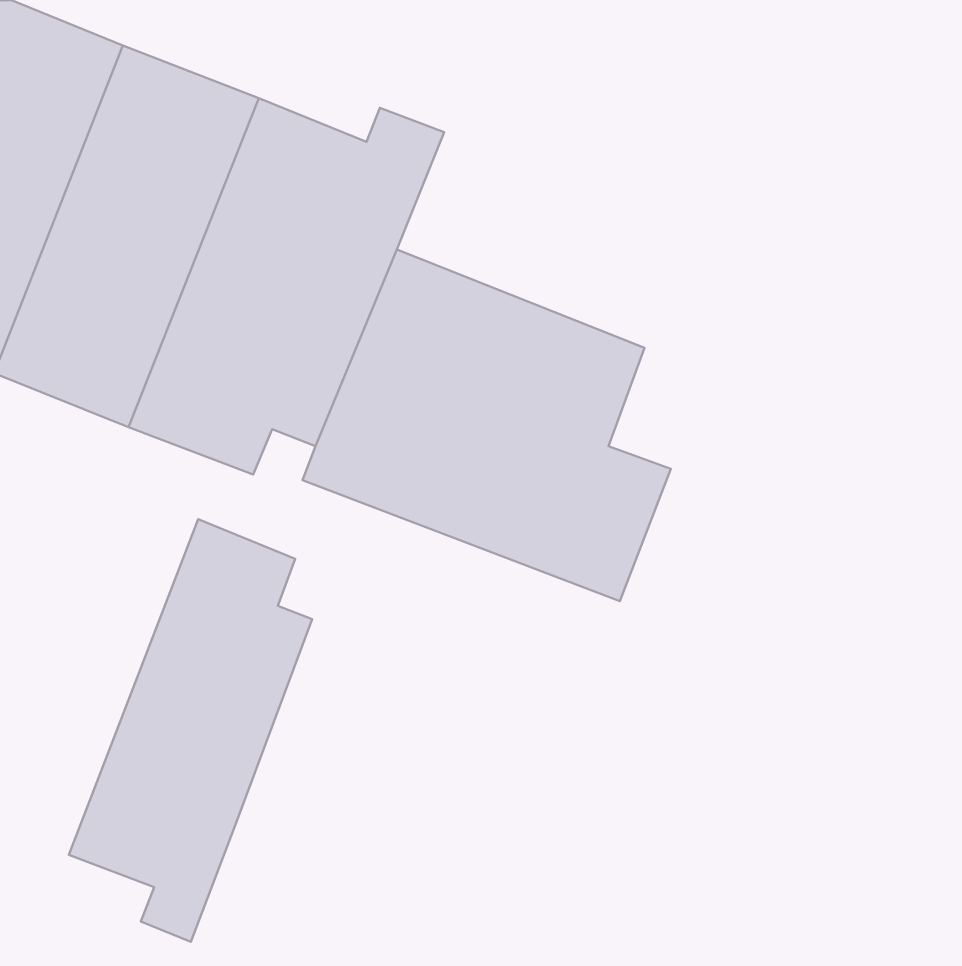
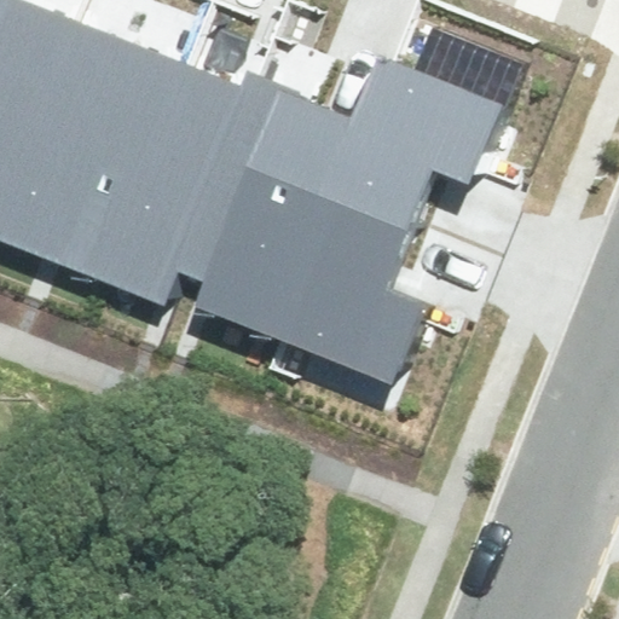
building: none -> [254,44,508,222]
building: [69,519,312,942] -> none

